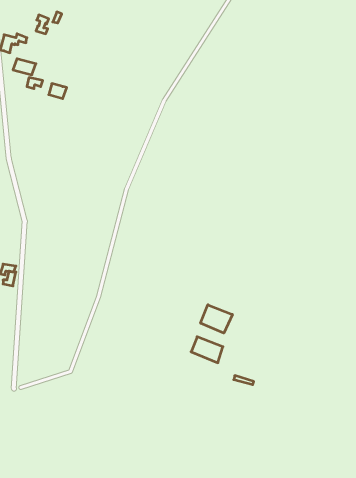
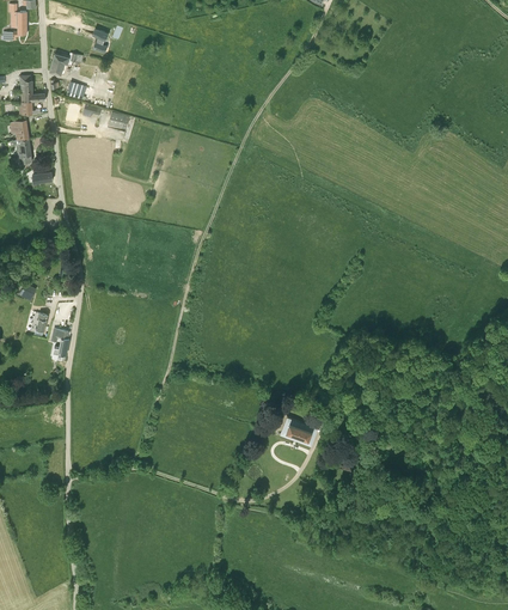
building: [201,305,232,333] -> none

